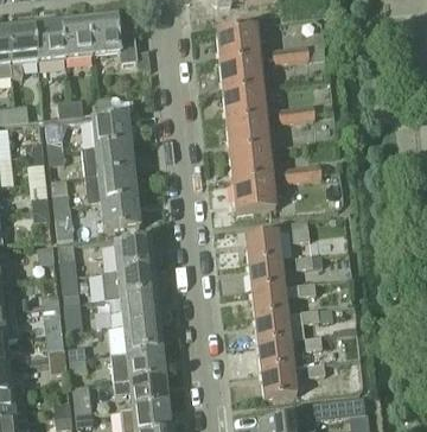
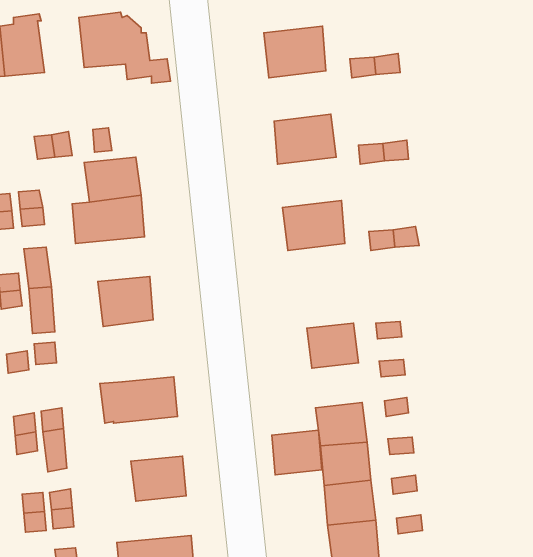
building: [59,20,91,58] -> none
building: [218,57,261,91] -> none
building: [224,116,268,151] -> none
building: [85,171,136,203] -> none
building: [231,176,274,210] -> none
building: [114,239,153,271] -> none
building: [248,258,282,288] -> [272,430,322,475]
building: [111,294,159,325] -> none
building: [110,349,165,381] -> none

